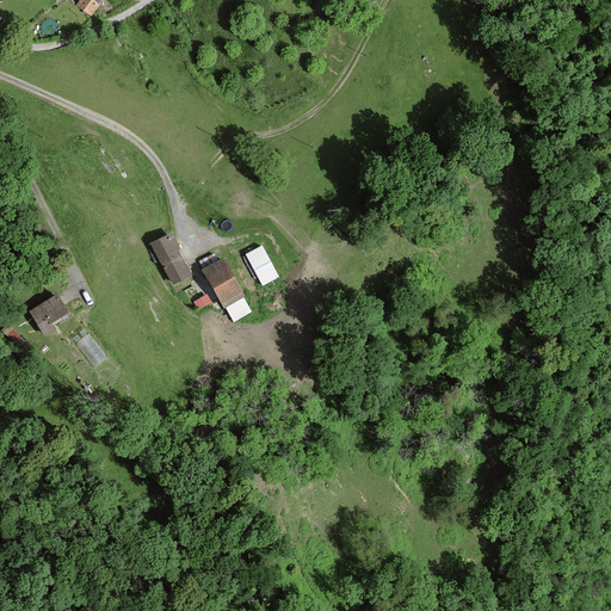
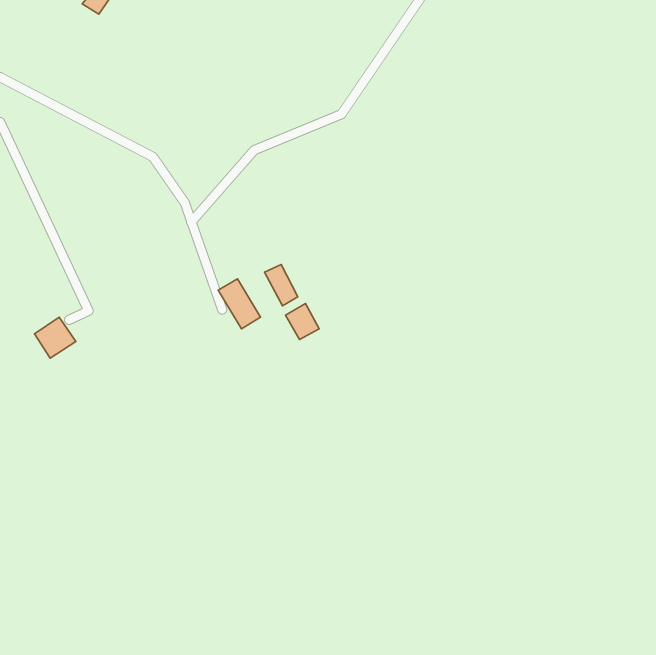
building: [150,233,190,283] -> none
building: none -> [285,304,319,339]

